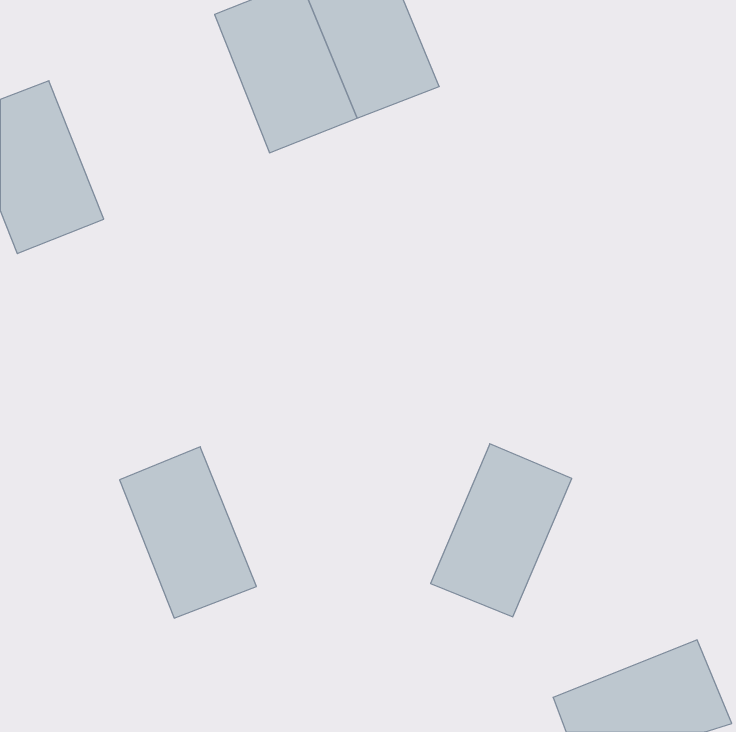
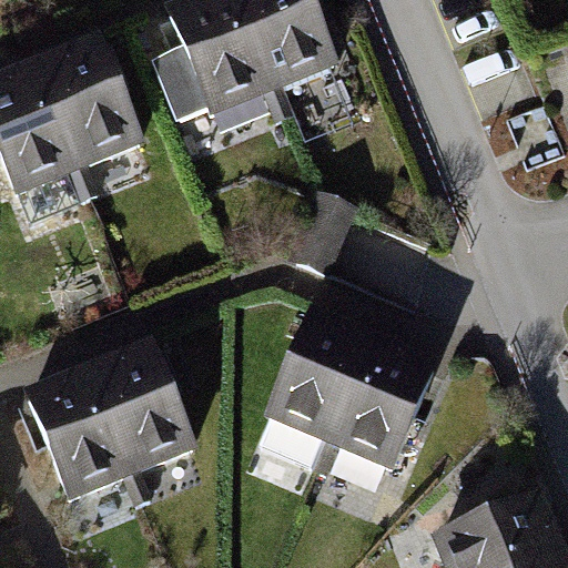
building: none -> [38,37,143,169]
building: none -> [267,315,377,449]
building: none -> [26,369,134,503]

